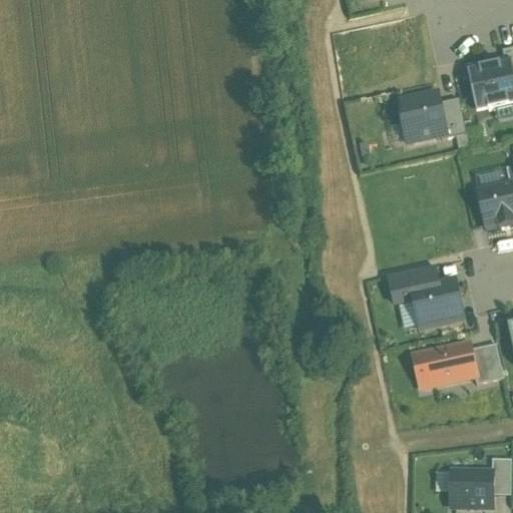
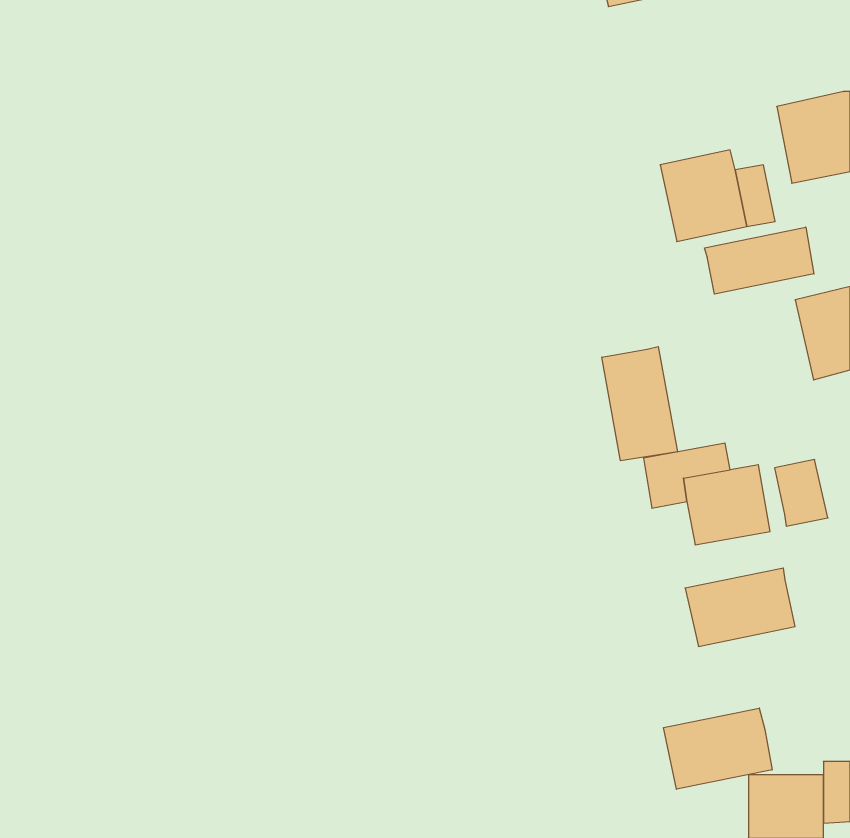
building: none -> [705,227,814,294]
building: none -> [602,347,677,461]
building: [472,344,504,384] -> [775,460,828,526]
building: none -> [664,708,772,789]

